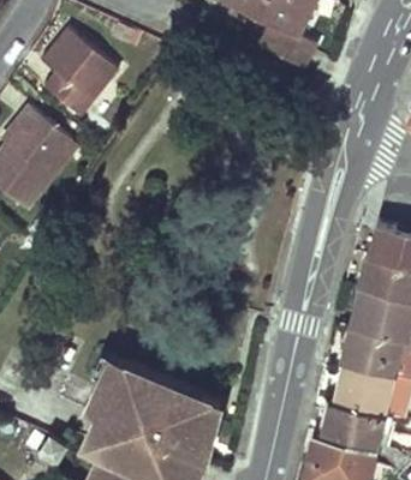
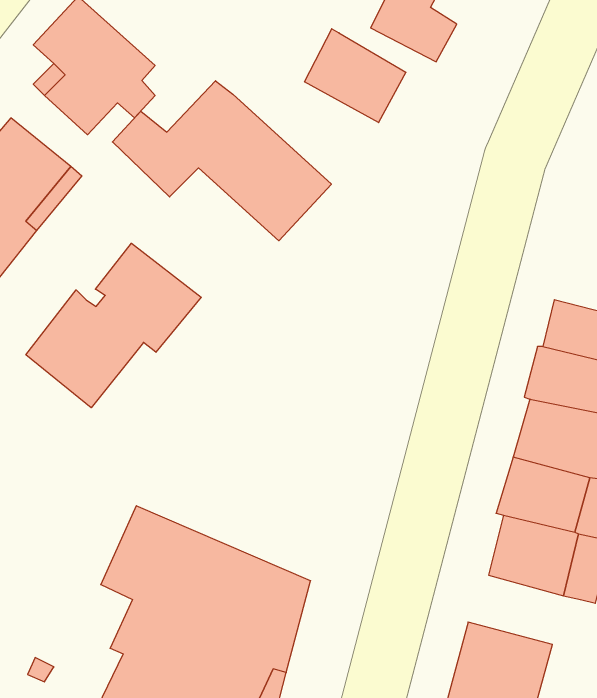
building: none -> [305,29,406,123]
building: none -> [112,81,331,241]
building: none -> [26,243,201,408]
building: [322,400,394,445] -> none

